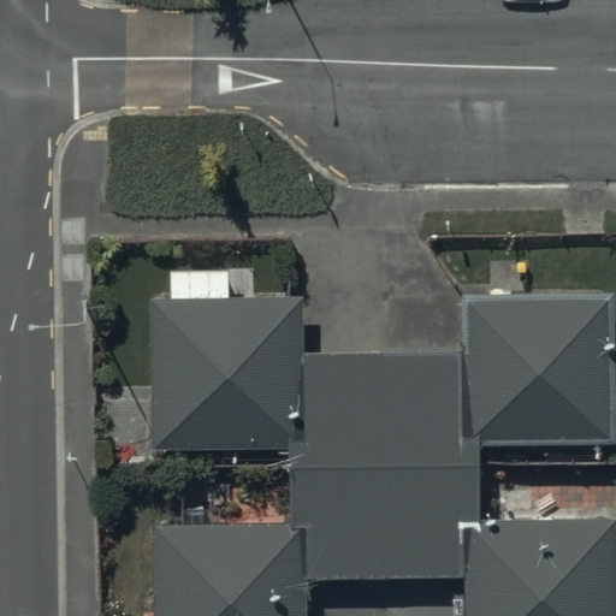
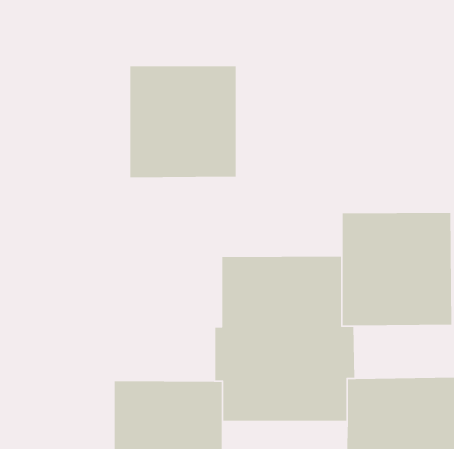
building: none -> [129,65,237,178]
building: [152,296,301,450] -> none

